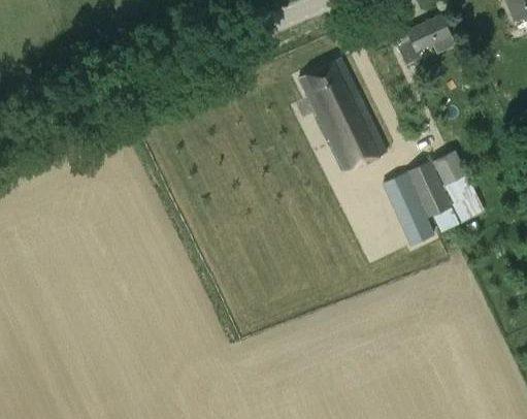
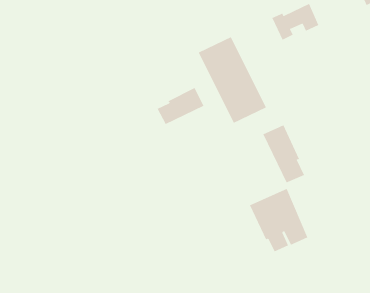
building: none -> [157,87,204,125]
building: [408,150,484,231] -> [249,188,308,252]

